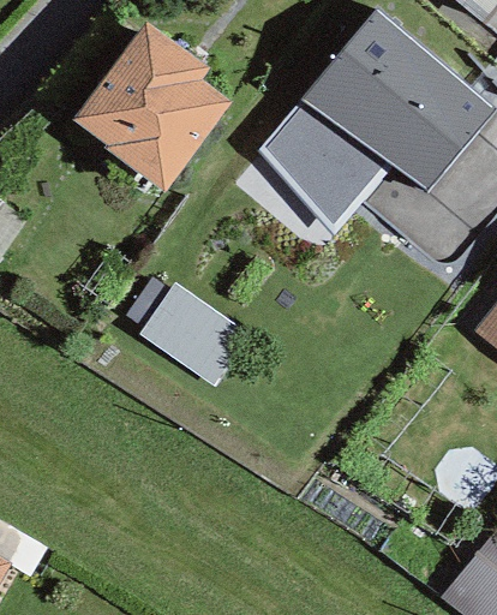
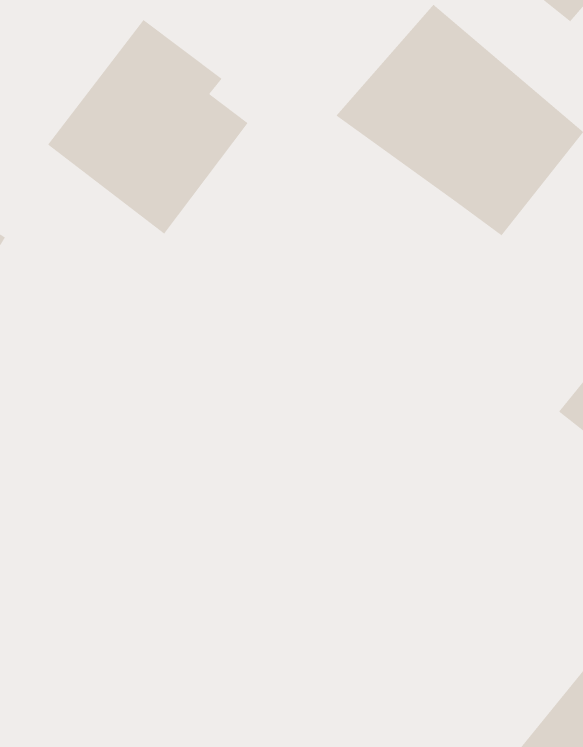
building: [258,97,394,234] -> none
building: [138,283,251,389] -> none

